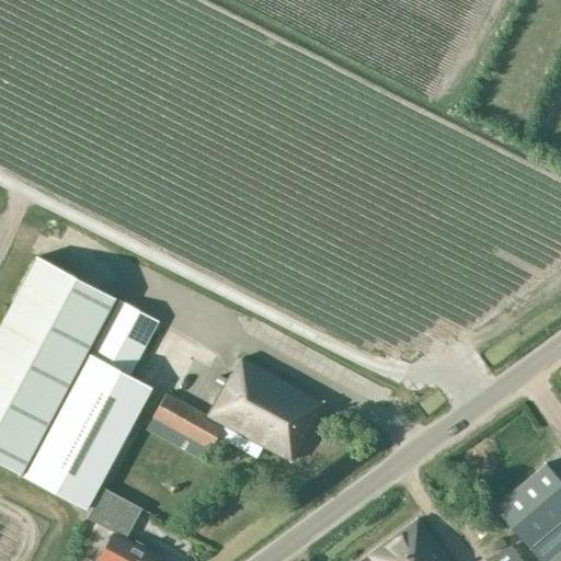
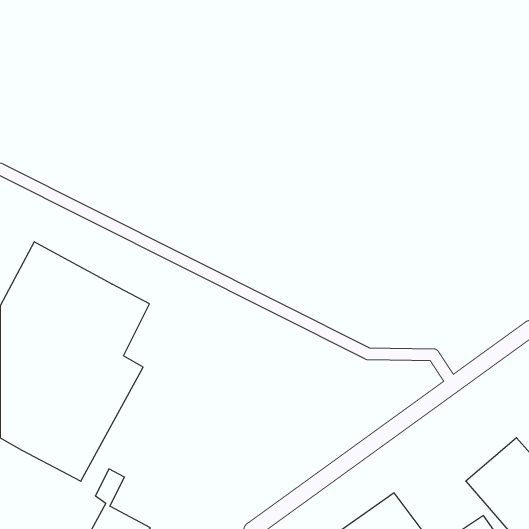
building: [146,358,323,462] -> none

